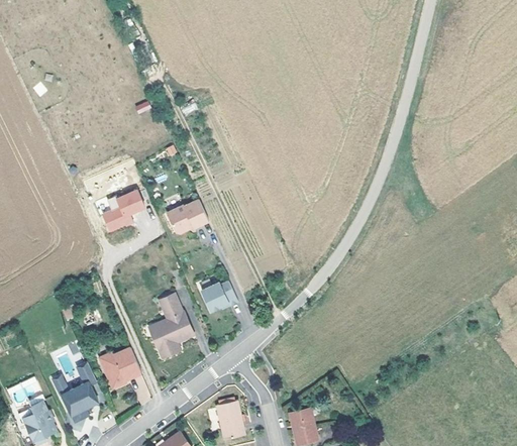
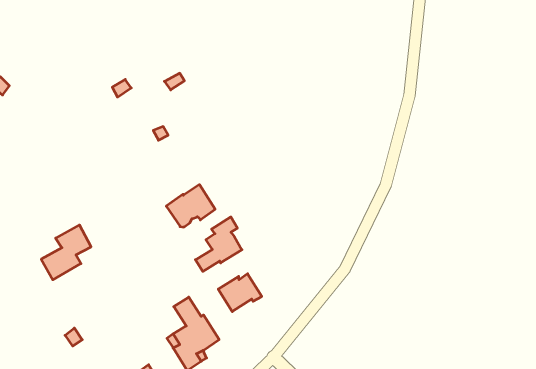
building: [101,190,145,233] -> [41,225,91,280]
building: none -> [195,217,242,271]

